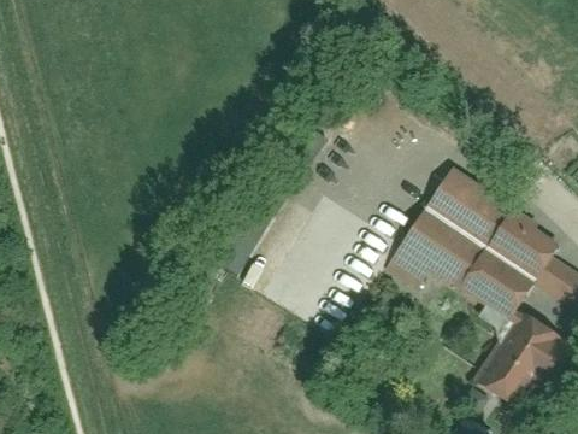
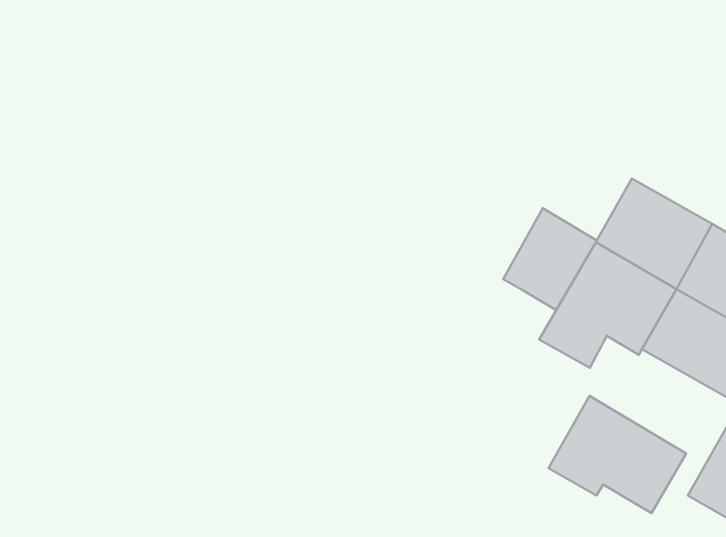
building: none -> [503,208,597,310]
building: none -> [549,396,686,513]

